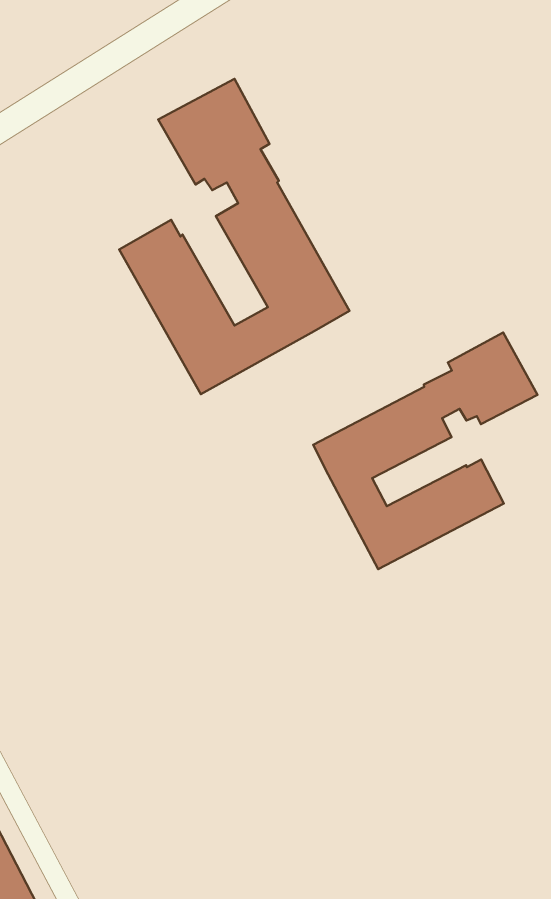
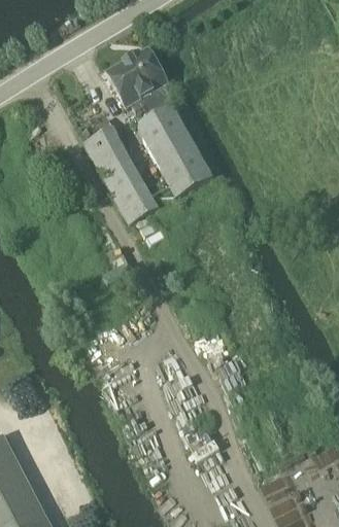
building: [313,333,537,569] -> none

